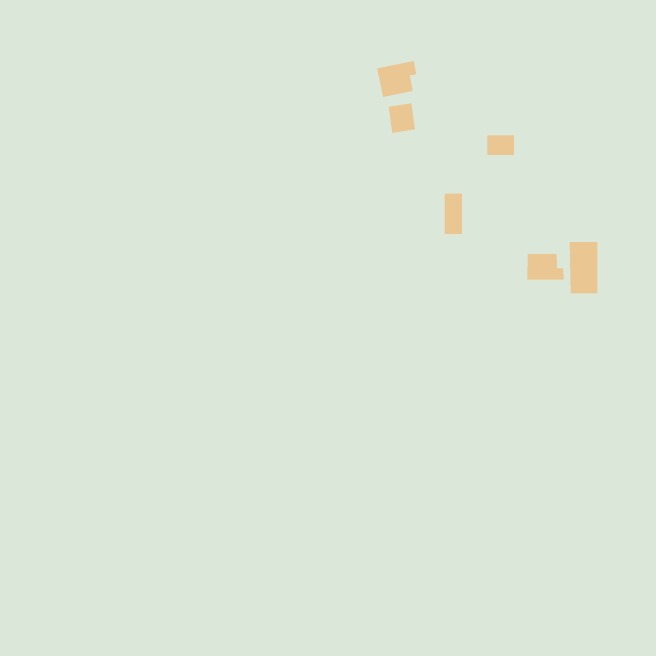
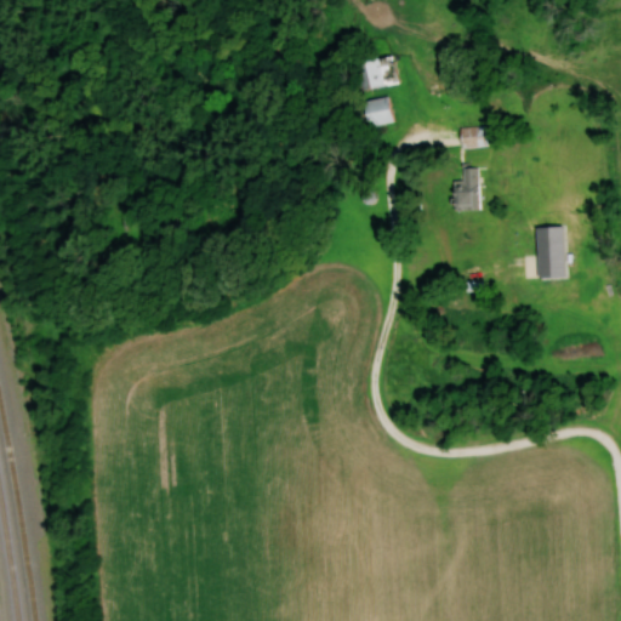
building: [444,193,463,234] -> [461,169,479,207]
building: [527,253,564,281] -> none

